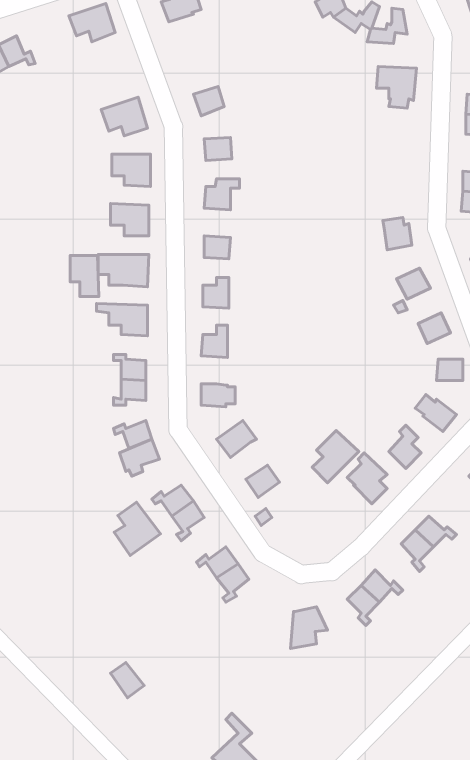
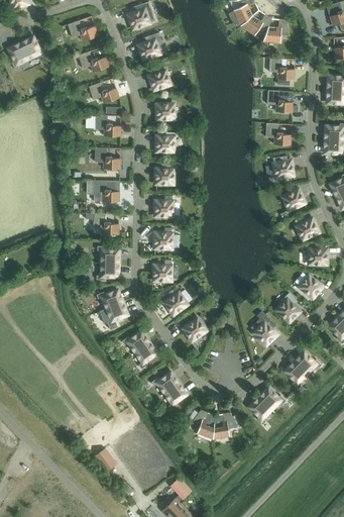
building: none -> [137,31,162,58]
building: none -> [77,46,107,71]
building: none -> [265,89,296,111]
building: none -> [263,122,295,148]
building: [70,256,99,297] -> none
building: [312,431,359,483] -> none
building: [114,502,160,555] -> none
building: none -> [190,409,213,438]

